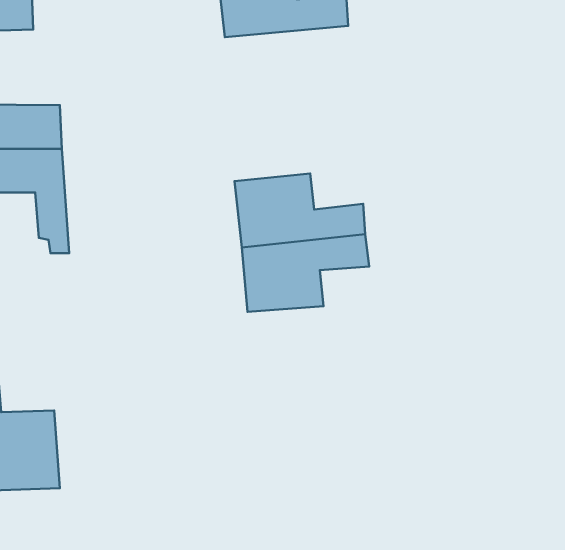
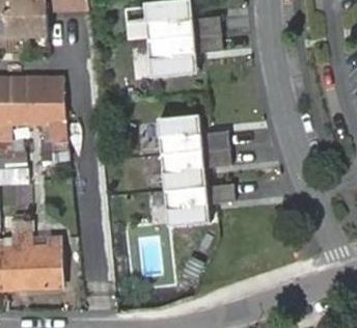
building: none -> [152,34,221,78]
building: none -> [164,185,234,227]

